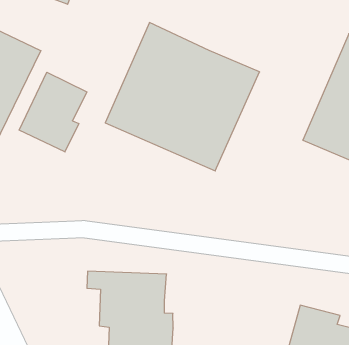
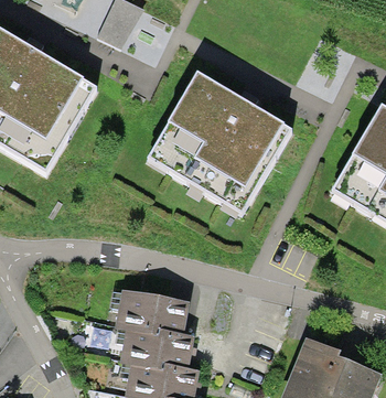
building: [19,72,87,152] -> none

